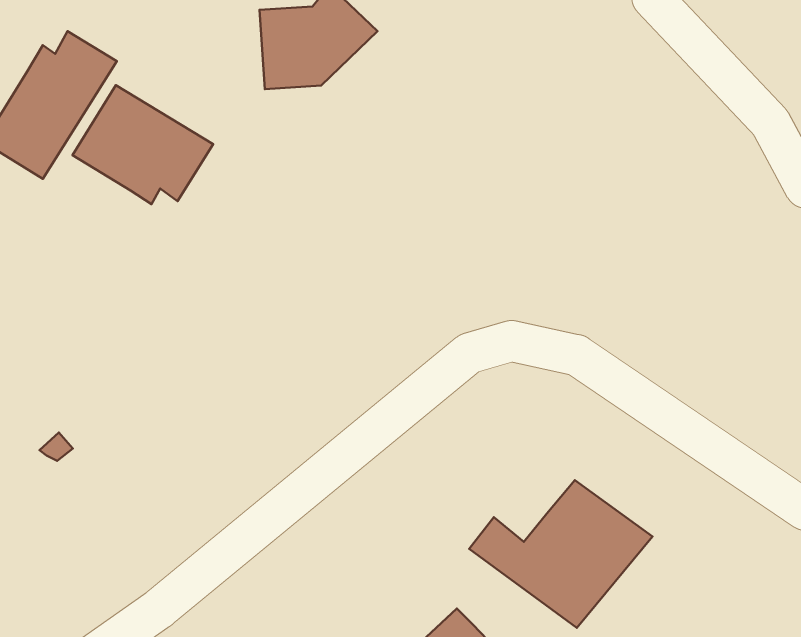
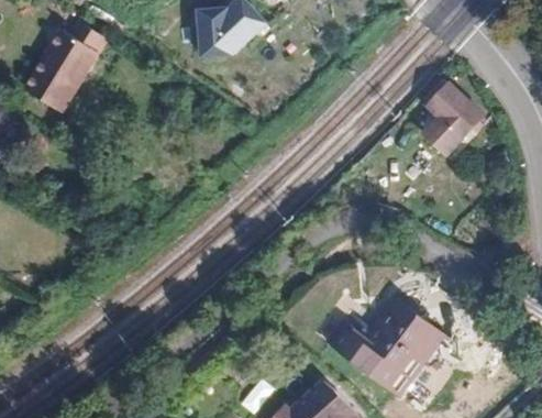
building: [72,85,213,204] -> none
building: none -> [423,82,483,154]

